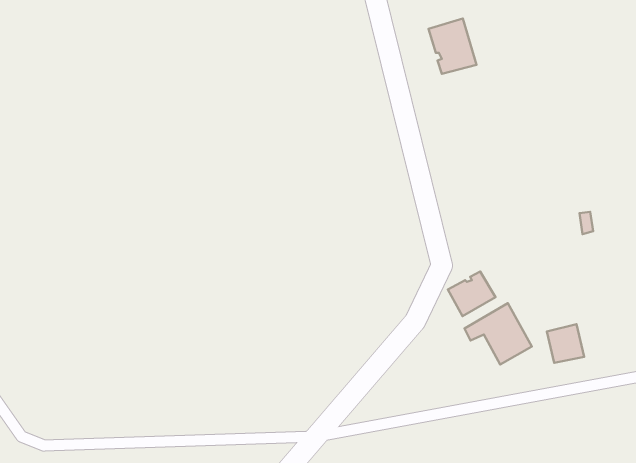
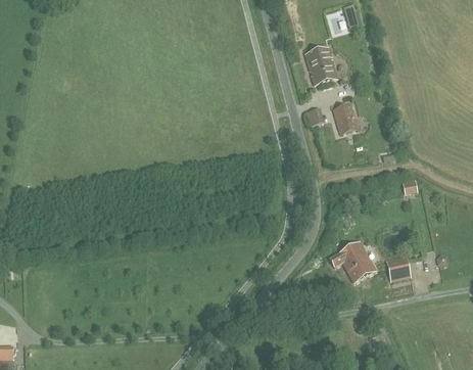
building: none -> [332,103,358,132]
building: [448,272,496,316] -> none

